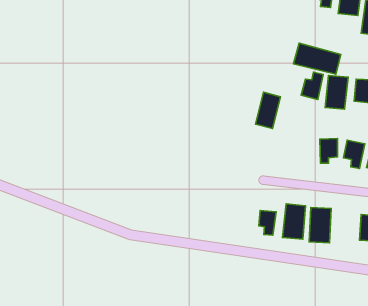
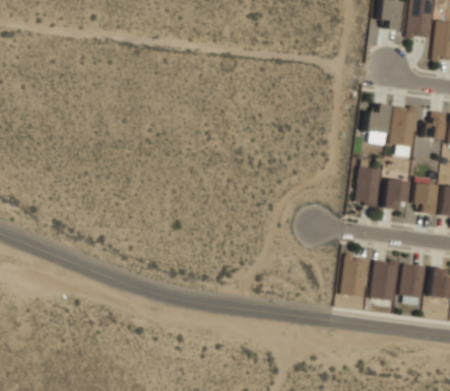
building: [294,43,341,74] -> none
building: [256,92,280,129] -> [355,165,383,206]
building: none -> [400,261,427,301]
building: [259,211,276,235] -> none

